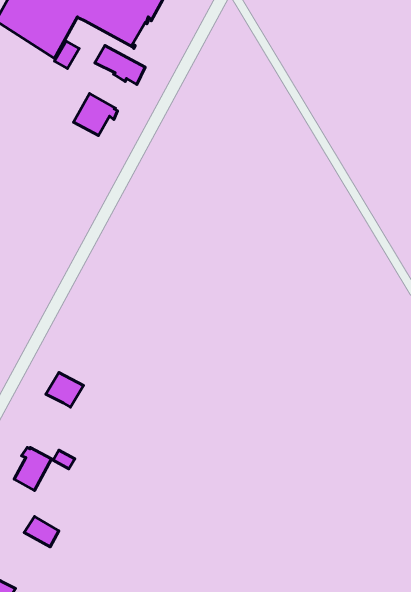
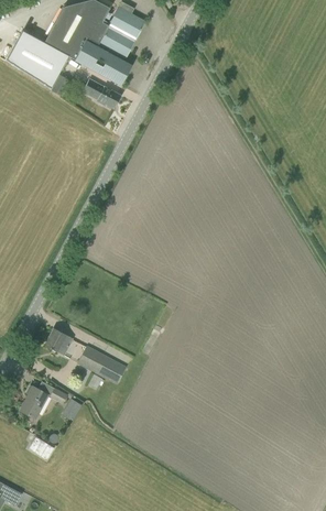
building: [74,94,117,136] -> none
building: none -> [79,346,126,383]

